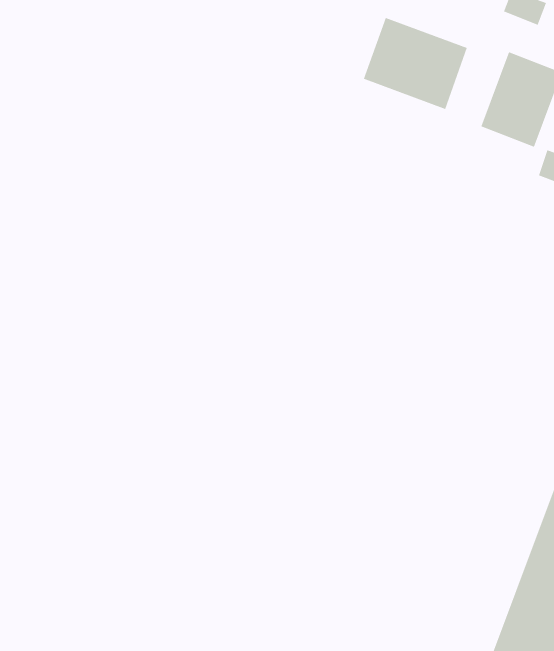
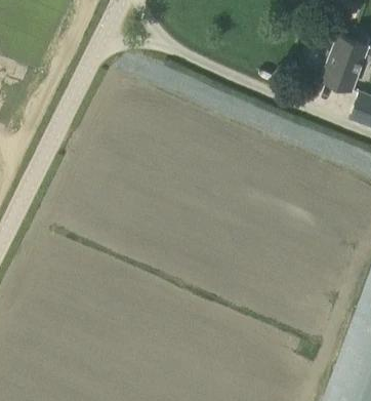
building: [363,17,468,110] -> none

